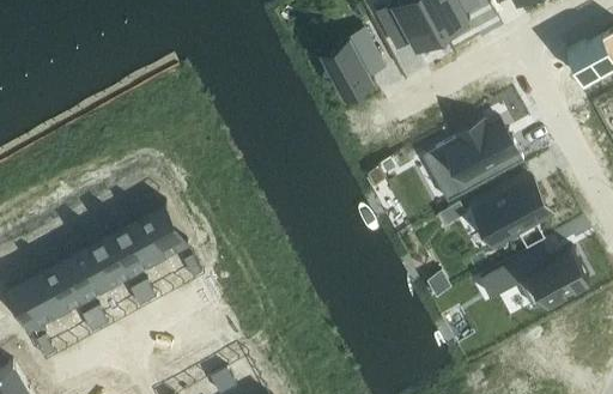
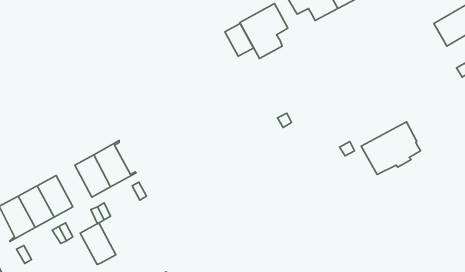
building: none -> [225,23,253,56]
building: [435,121,523,198] -> none
building: [86,235,132,287] -> [80,223,116,264]
building: [480,248,589,311] -> none

